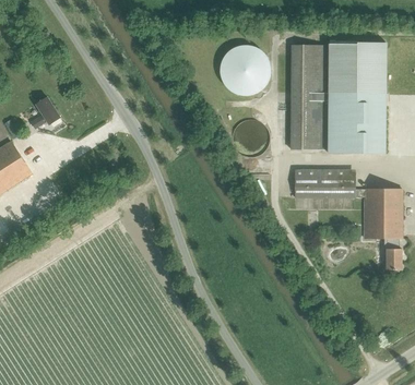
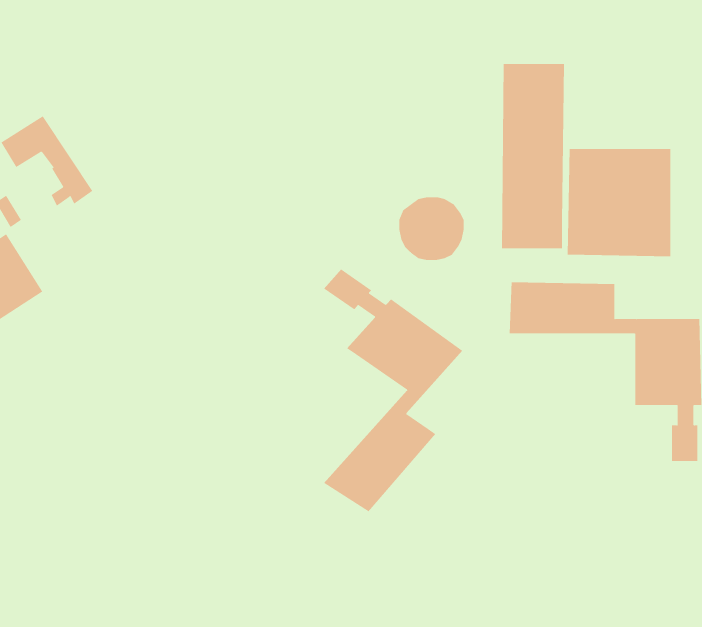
building: [328,41,387,93] -> none
building: [220,45,270,96] -> none
building: none -> [323,269,463,512]

